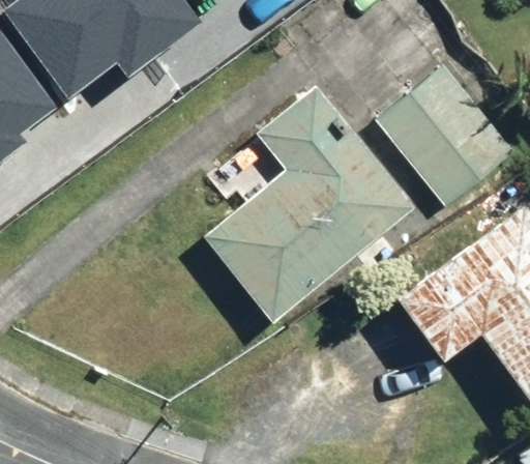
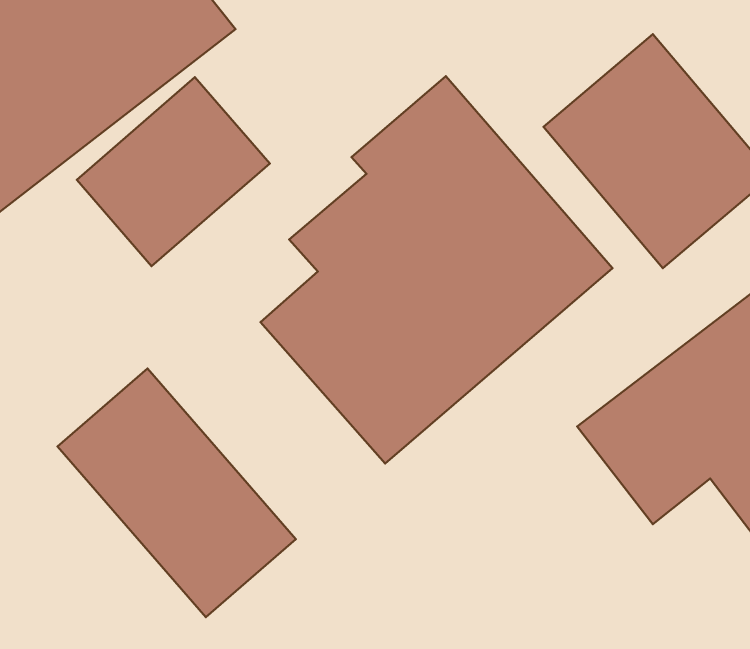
building: none -> [77,77,270,266]
building: none -> [58,368,296,617]

